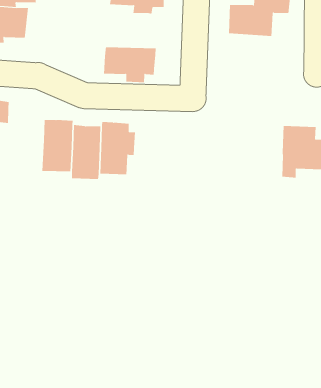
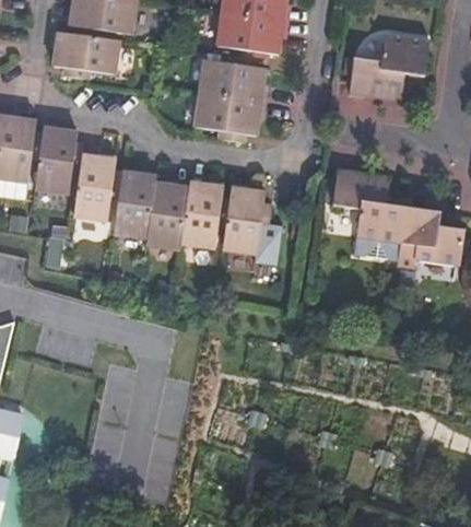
building: none -> [203,55,268,99]
building: none -> [331,168,403,241]
building: none -> [74,153,122,218]
building: none -> [223,185,272,250]

